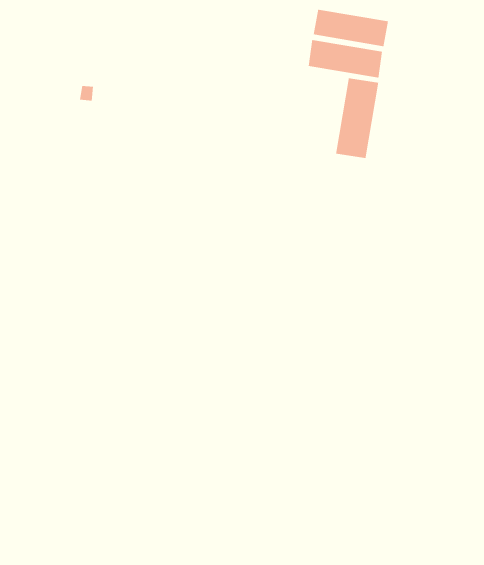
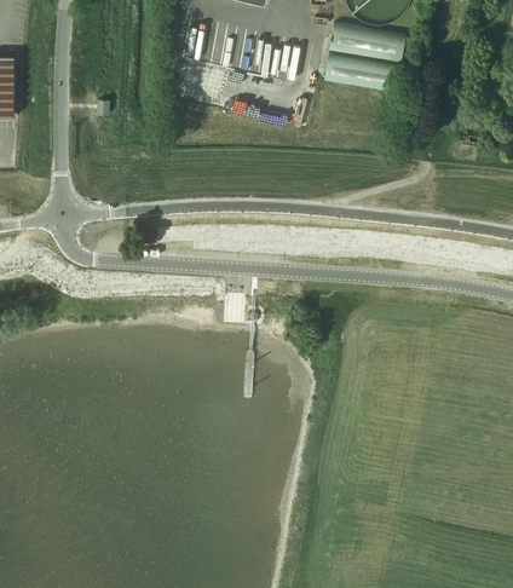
building: [335,78,379,159] -> none

